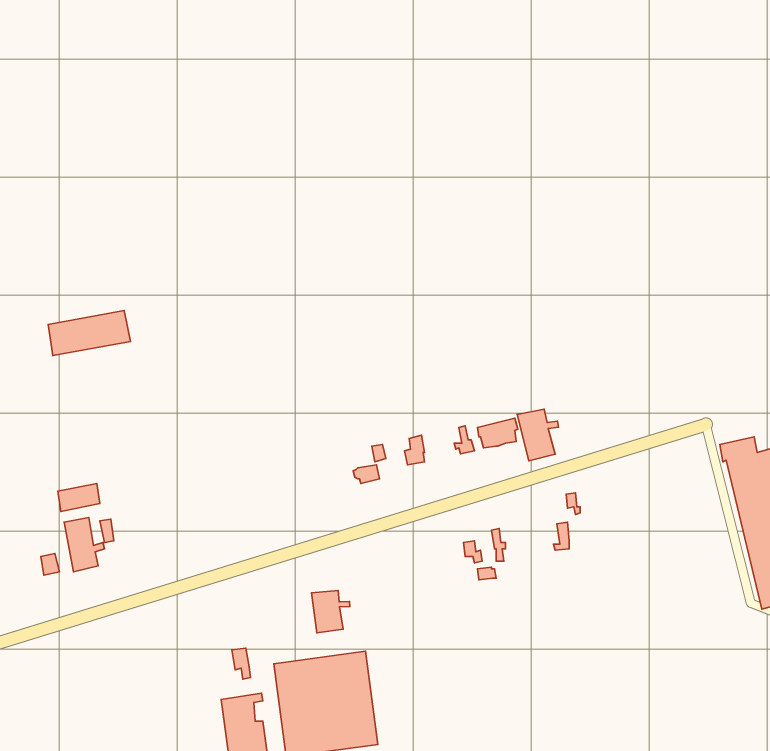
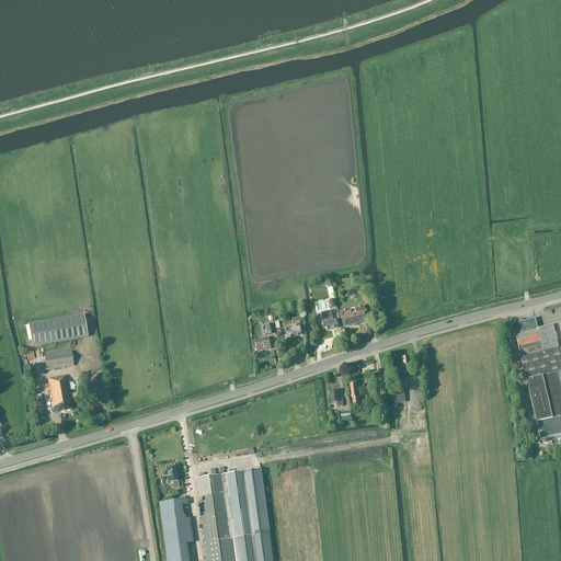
building: [48,310,130,355] -> [27,314,85,346]
building: [517,409,559,461] -> none
building: [312,590,350,633] -> none

